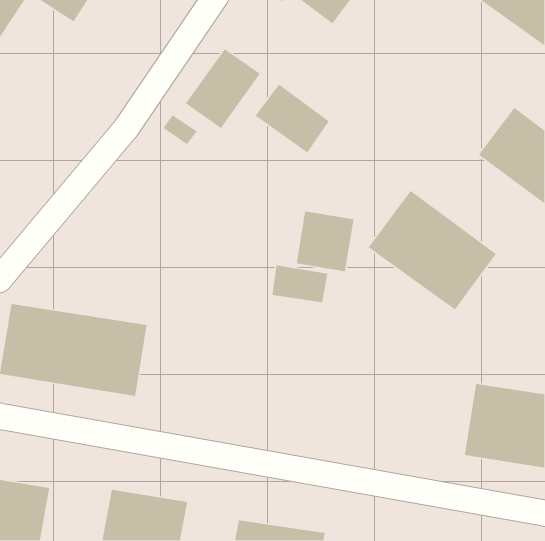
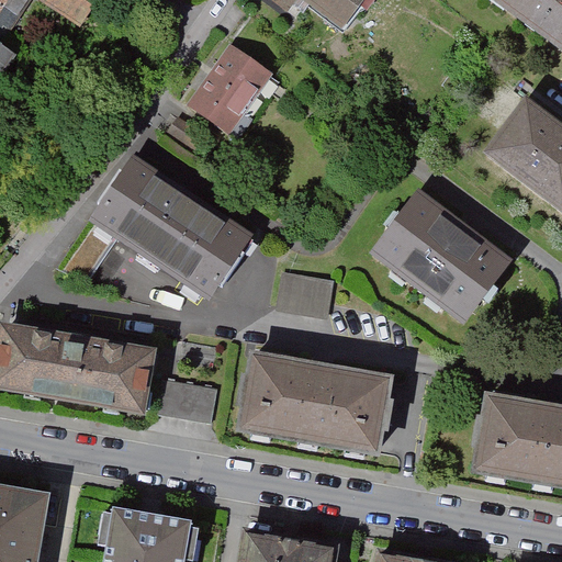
building: [255,83,330,154] -> none
building: none -> [91,160,247,301]
building: [296,211,354,272] -> none
building: none -> [240,353,393,450]
building: none -> [159,379,220,423]

